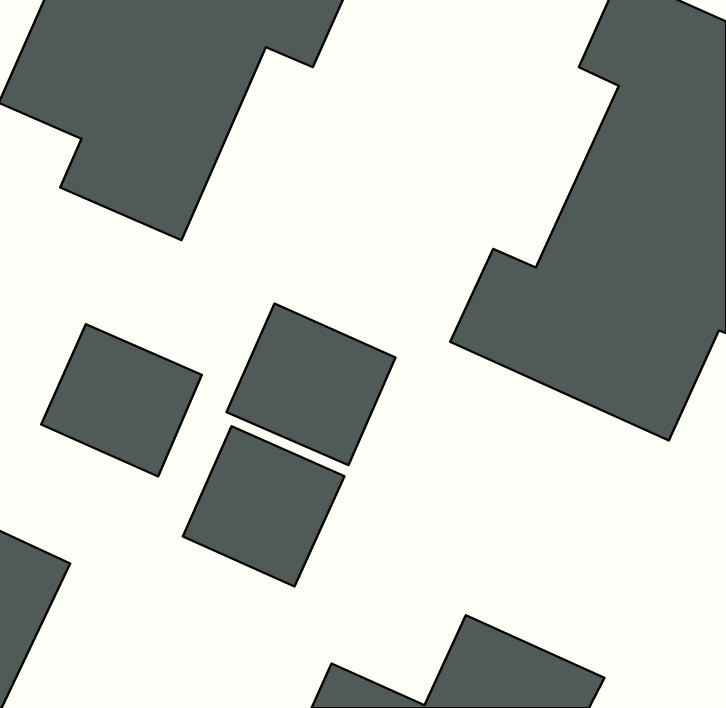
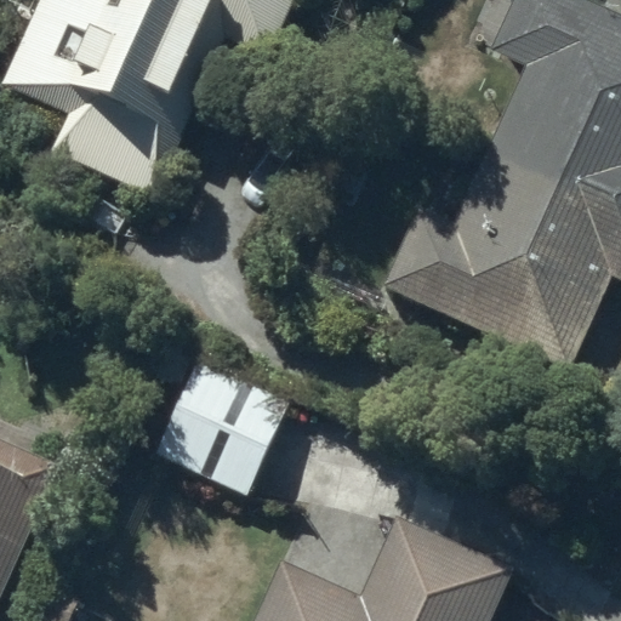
building: [226,304,396,465] -> none
building: [41,324,202,476] -> none

